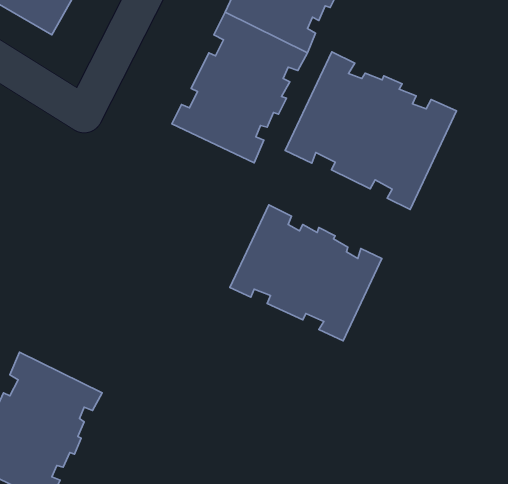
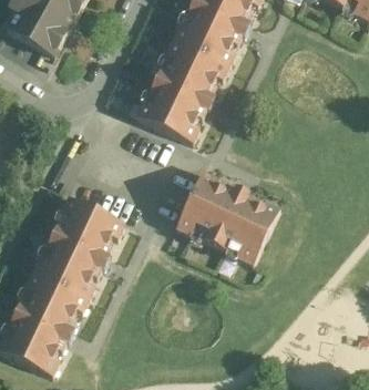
building: [285,52,457,209] -> none
building: none -> [30,198,123,301]

